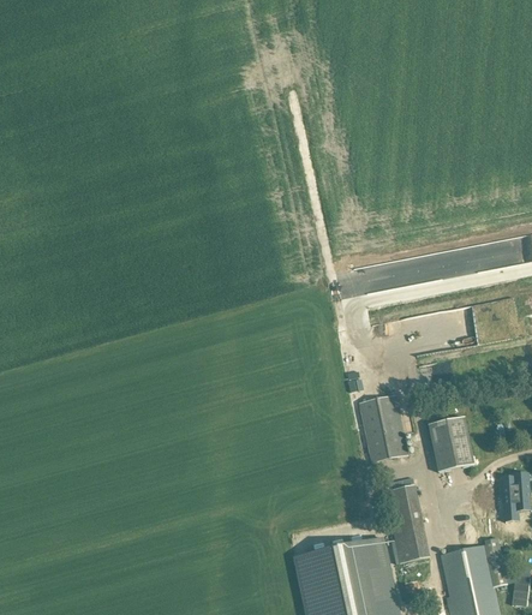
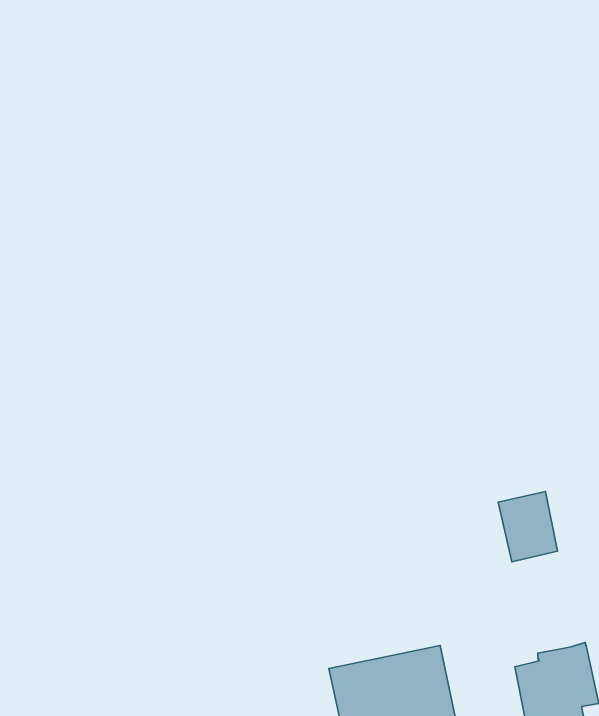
building: [357,395,407,462] -> none
building: [383,485,429,563] -> none

